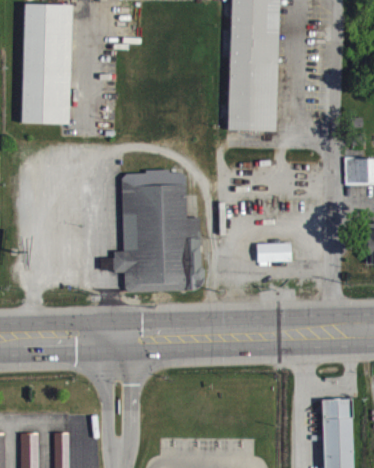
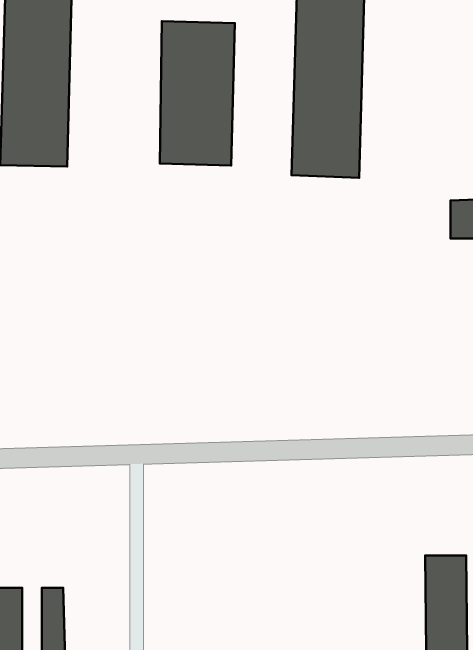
building: none -> [160,21,235,165]
building: [113,172,202,293] -> none
building: [257,243,291,262] -> none

